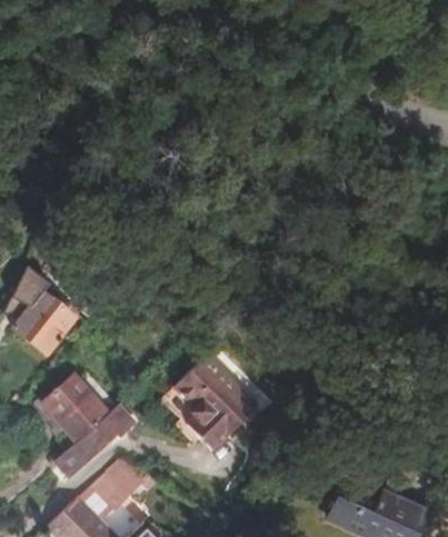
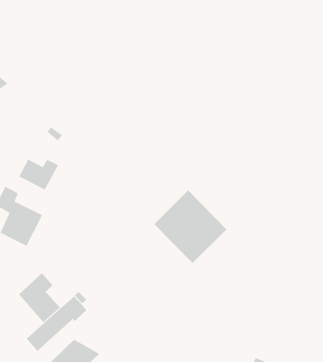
building: none -> [18,159,59,191]
building: [161,352,256,448] -> [154,190,227,264]

